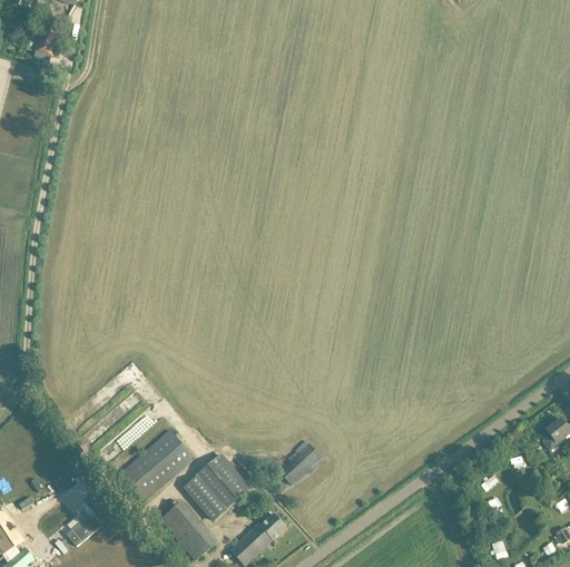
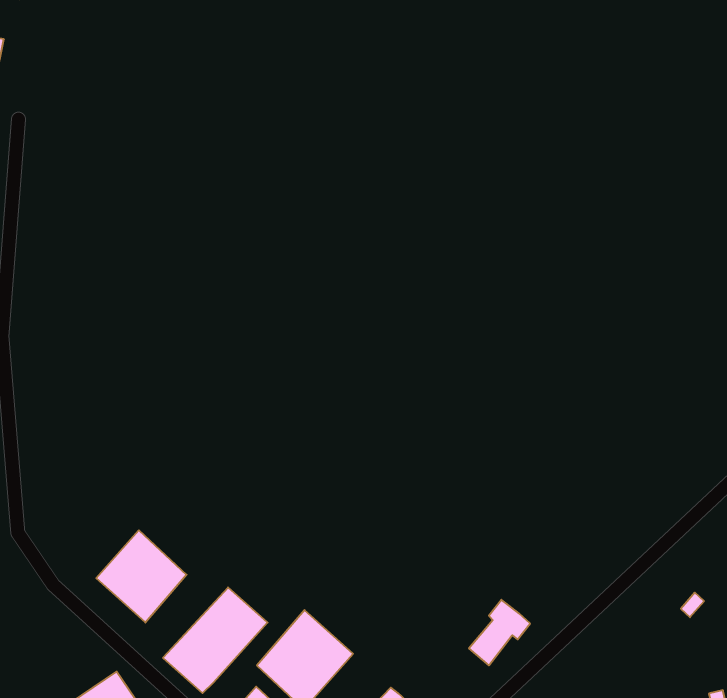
building: none -> [96,530,187,623]
building: [277,441,322,486] -> [469,600,530,665]

